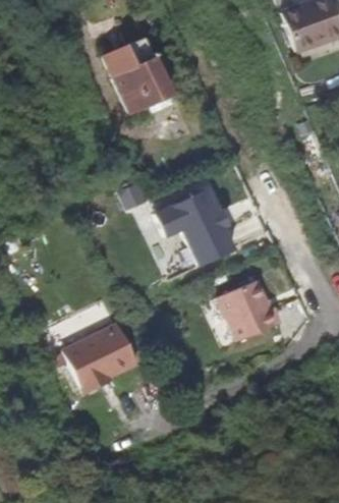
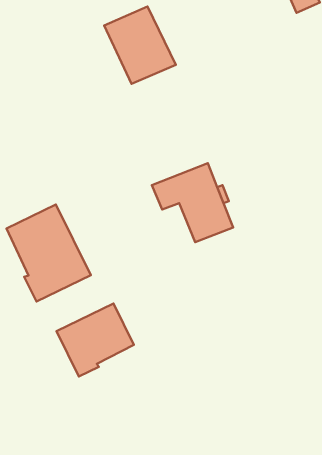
building: none -> [7,204,91,302]
building: [221,285,283,346] -> none

